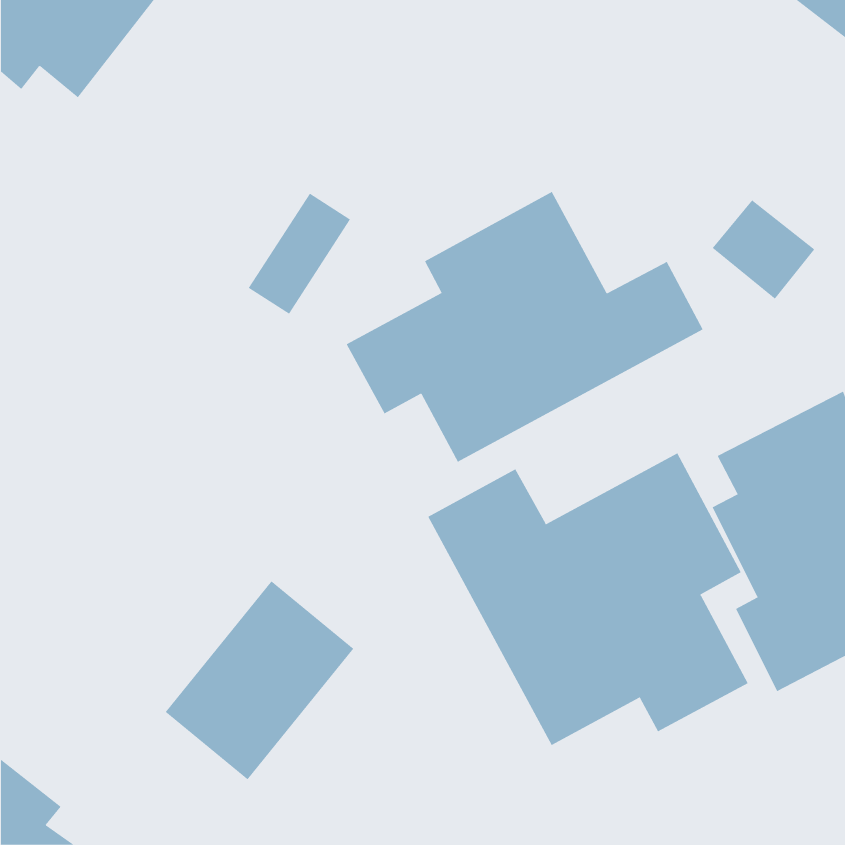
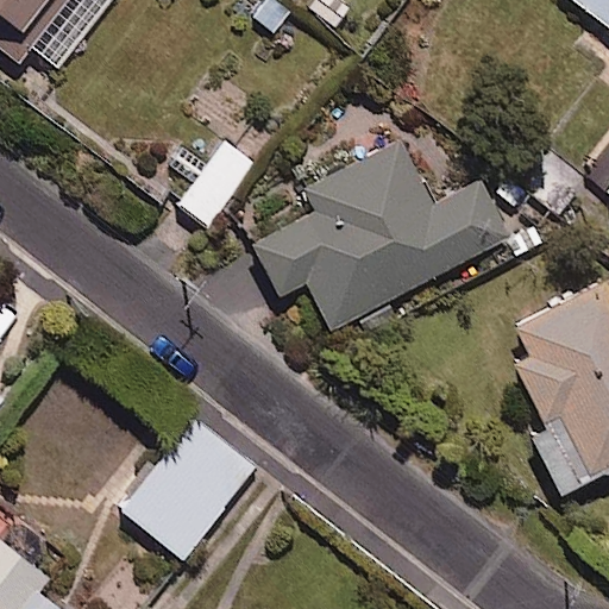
building: [427,453,749,746] -> none

